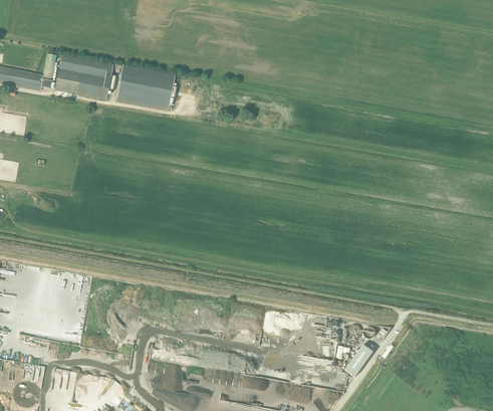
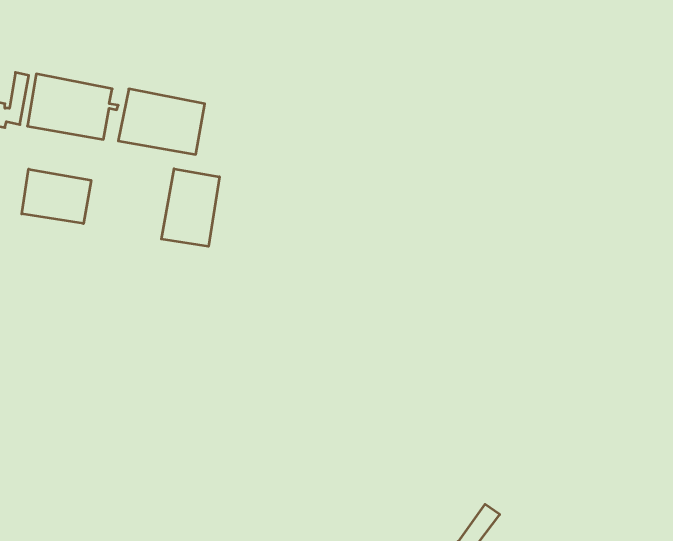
building: none -> [161,169,219,246]
building: none -> [22,169,91,224]

